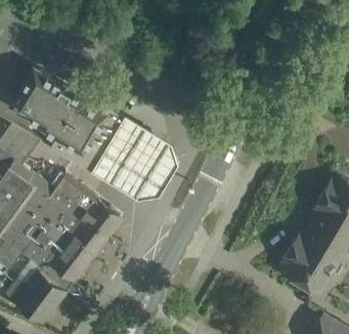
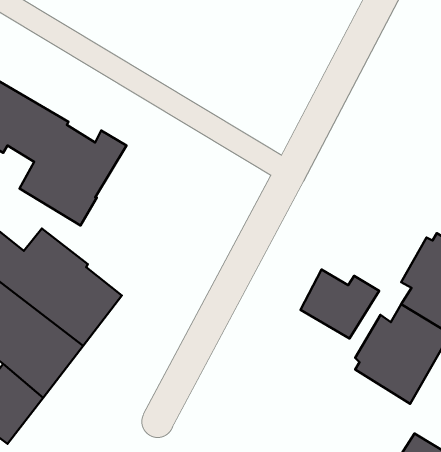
building: [92,116,175,197] -> none
building: none -> [301,269,379,339]

